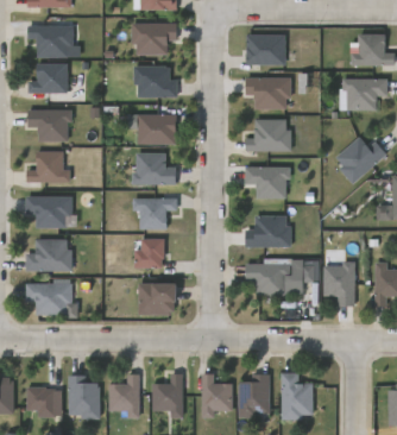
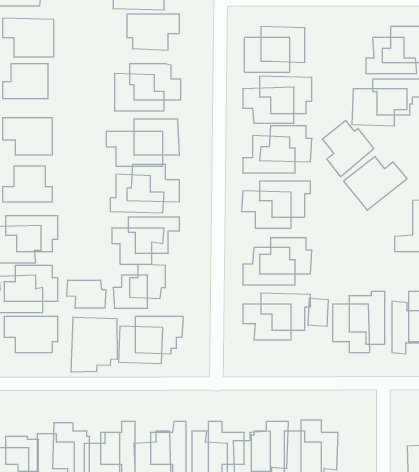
building: none -> [322,121,374,177]
building: none -> [67,280,106,308]
building: none -> [71,317,117,372]

